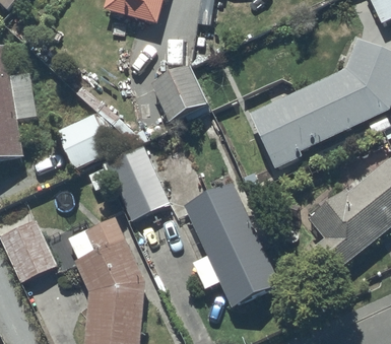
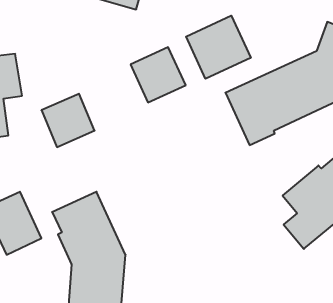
building: none -> [186,16,251,79]
building: [104,143,170,219] -> none
building: [184,182,280,306] -> none

